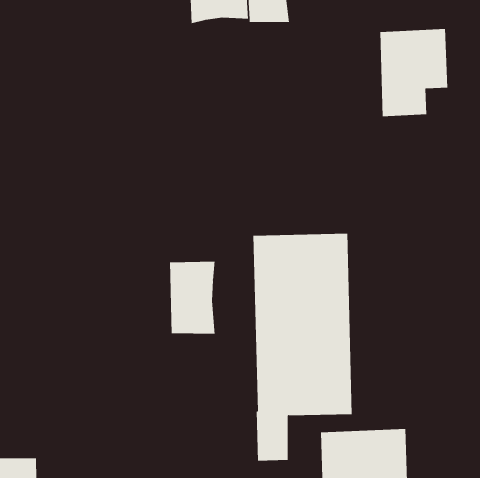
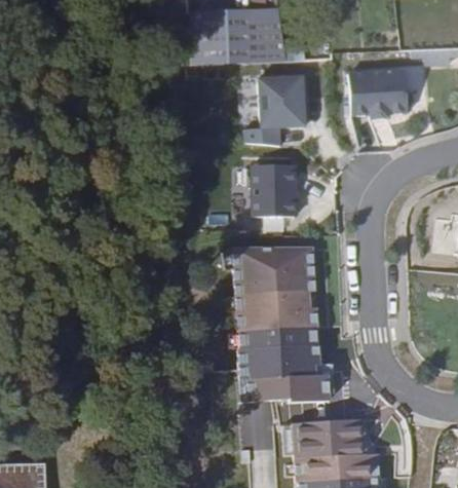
building: none -> [244,75,308,148]
building: none -> [250,163,299,221]
building: [169,261,215,334] -> none

